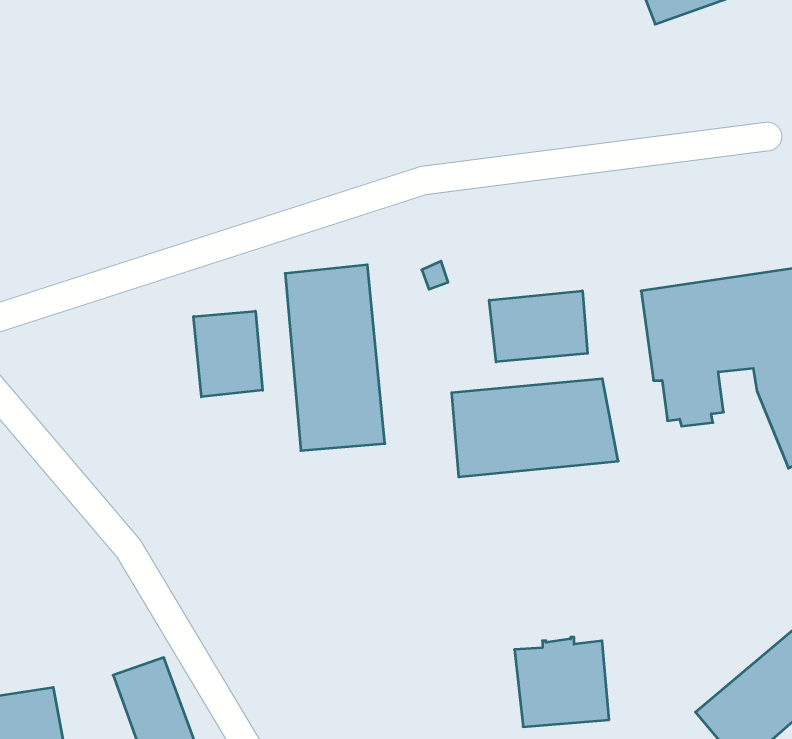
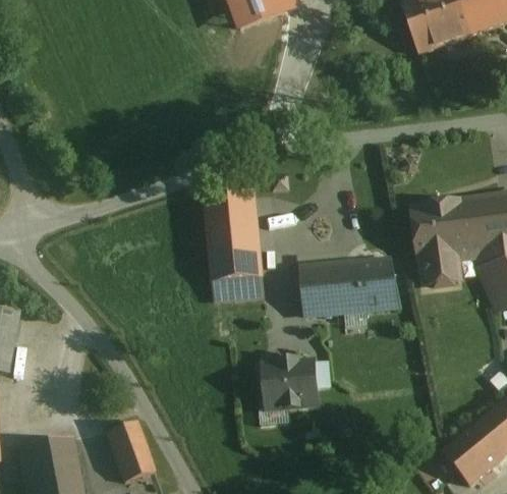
building: [489,291,588,362] -> none
building: [194,311,263,397] -> none
building: [514,637,609,727] -> [263,358,318,409]

